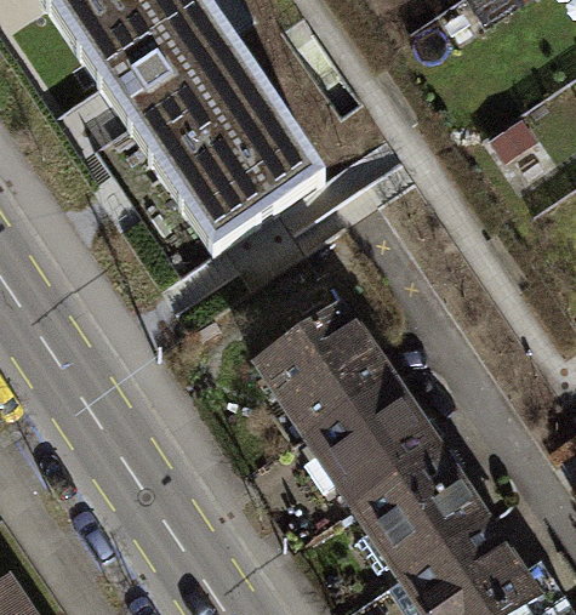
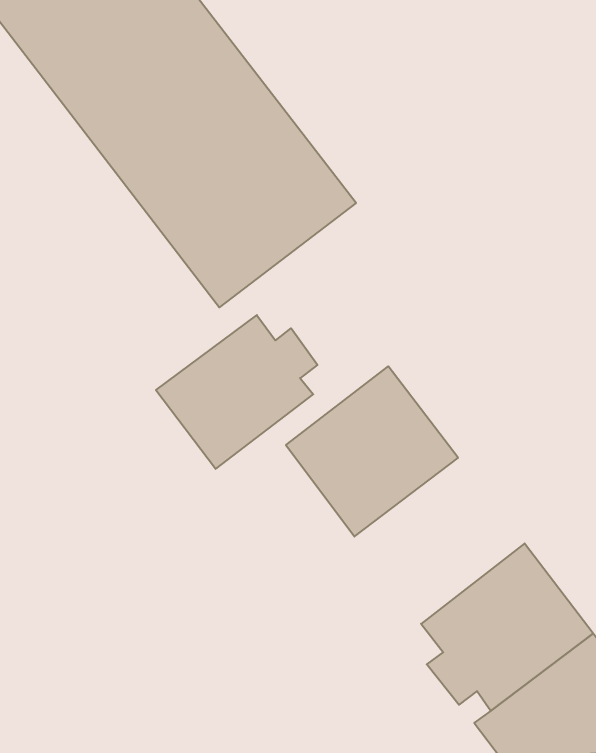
building: none -> [156,315,317,469]
building: [310,375,441,501] -> none

